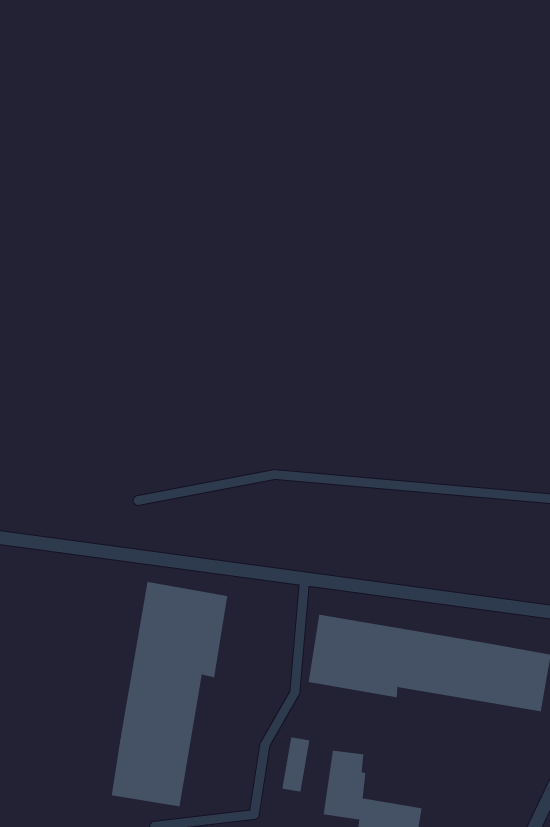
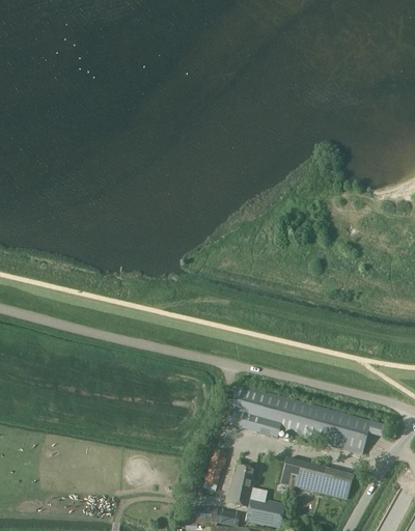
building: [111,581,228,807] -> none
building: none -> [281,456,353,499]

